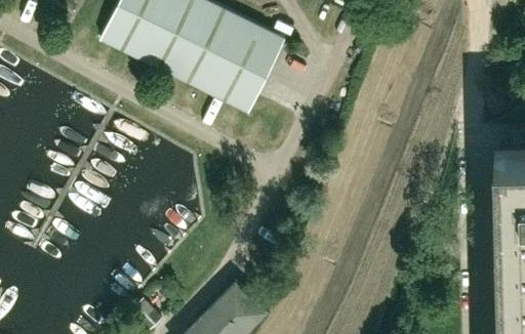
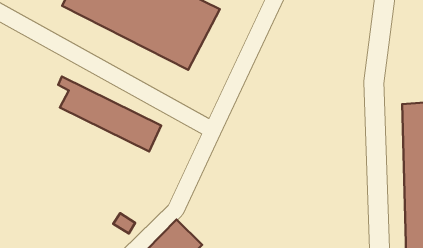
building: none -> [58,77,161,151]

